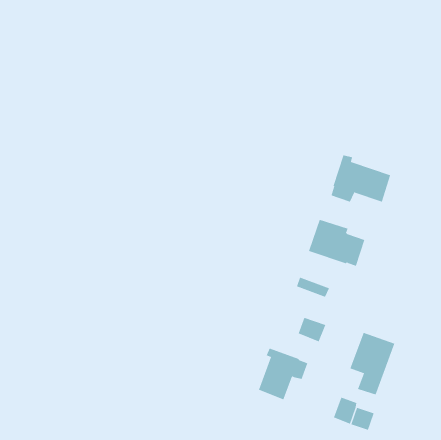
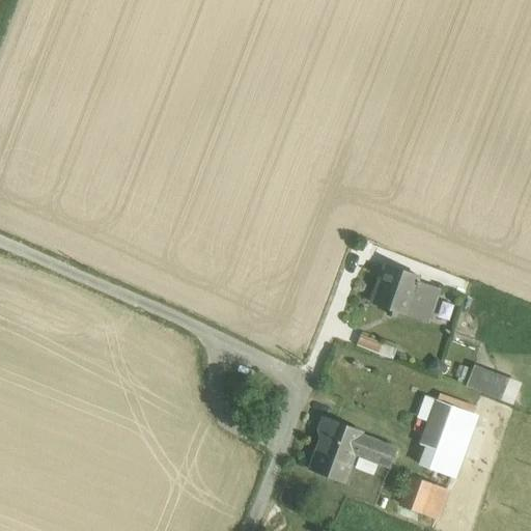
building: [331,154,391,202] -> none
building: none -> [466,364,507,397]
building: [298,317,326,342] -> [363,437,397,467]

